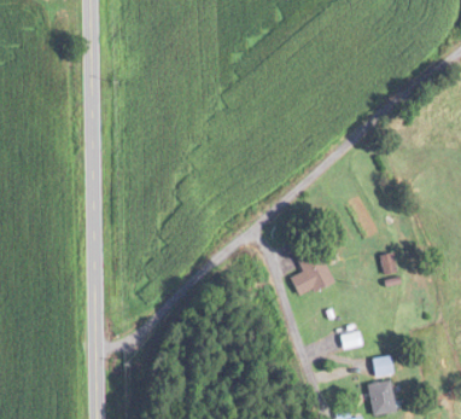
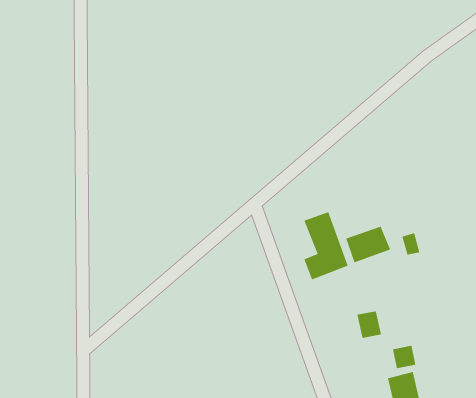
building: none -> [346,226,391,263]

